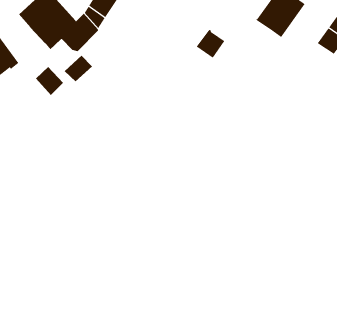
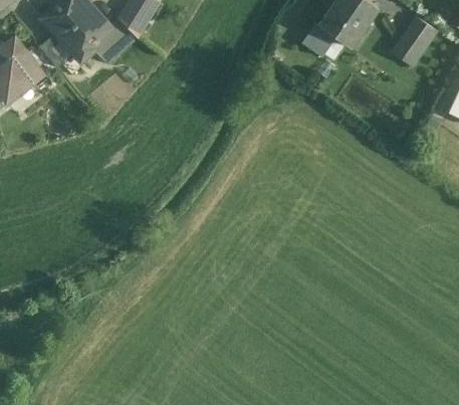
building: [196,29,225,58] -> [301,23,335,57]
building: [64,55,93,82] -> none
building: [35,66,64,96] -> [41,35,74,69]

